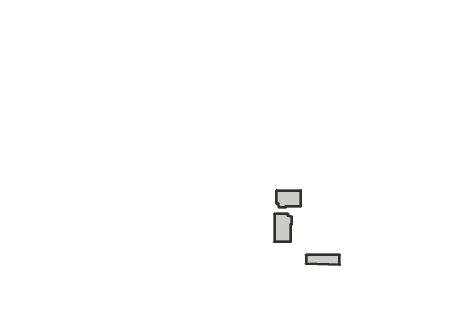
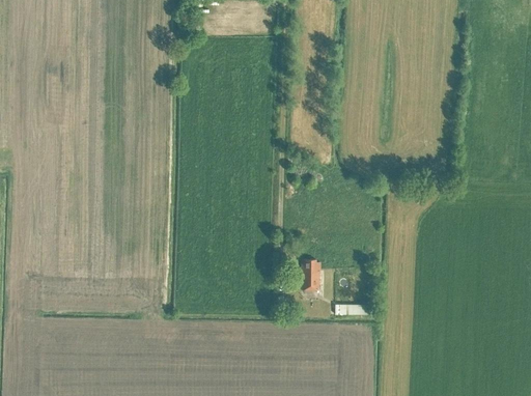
building: [277,190,301,207] -> none

